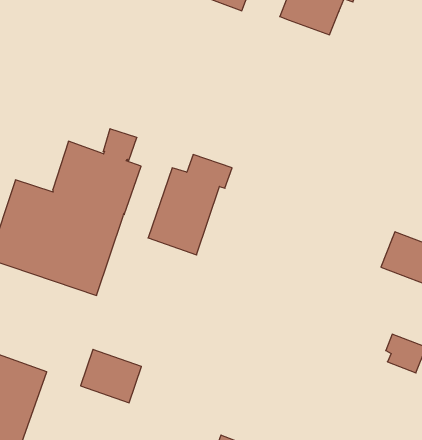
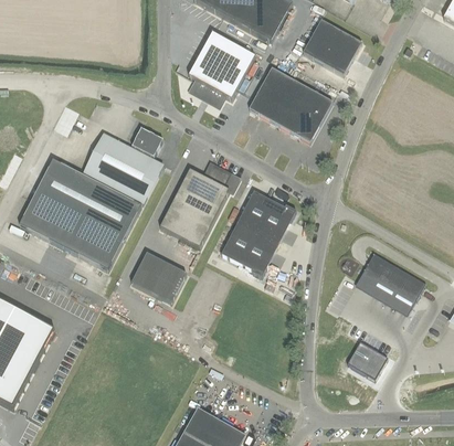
building: none -> [188,32,254,104]
building: none -> [249,67,331,142]
building: none -> [220,190,295,276]
building: [81,349,141,403] -> [130,252,186,302]

